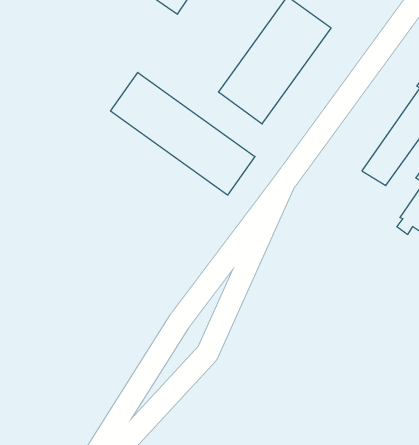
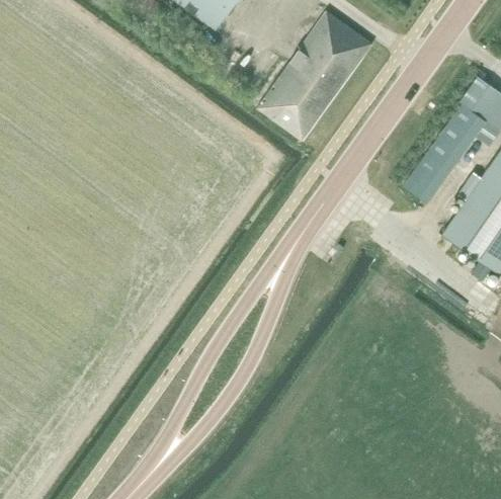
building: [111,72,255,195] -> none

